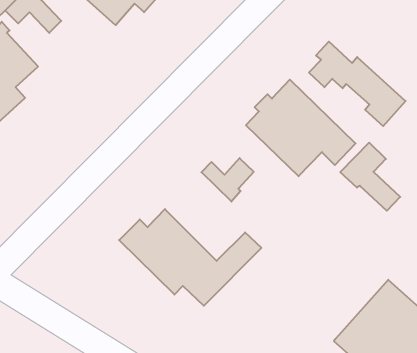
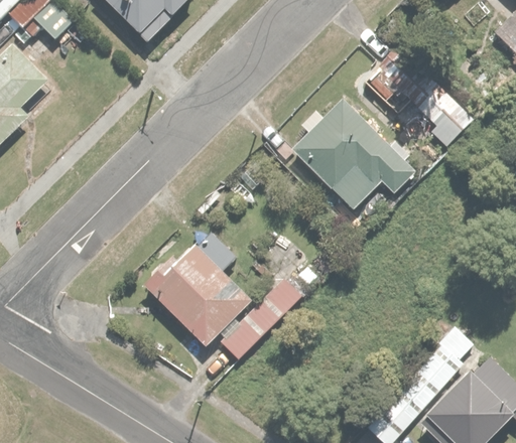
building: [340,143,400,211] -> none
building: [201,158,254,202] -> none

